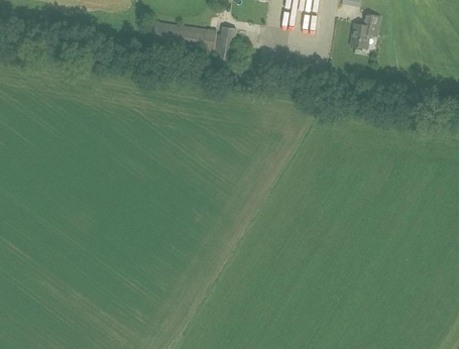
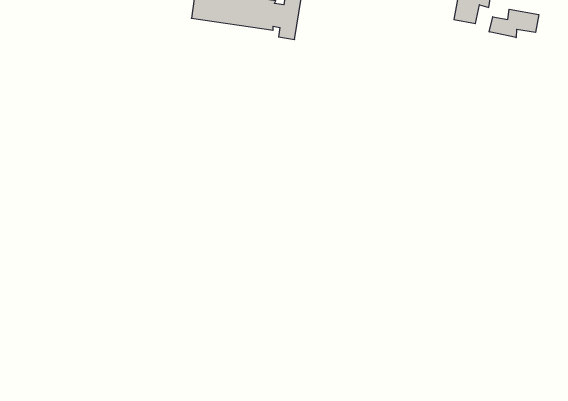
building: none -> [489,9,539,38]

